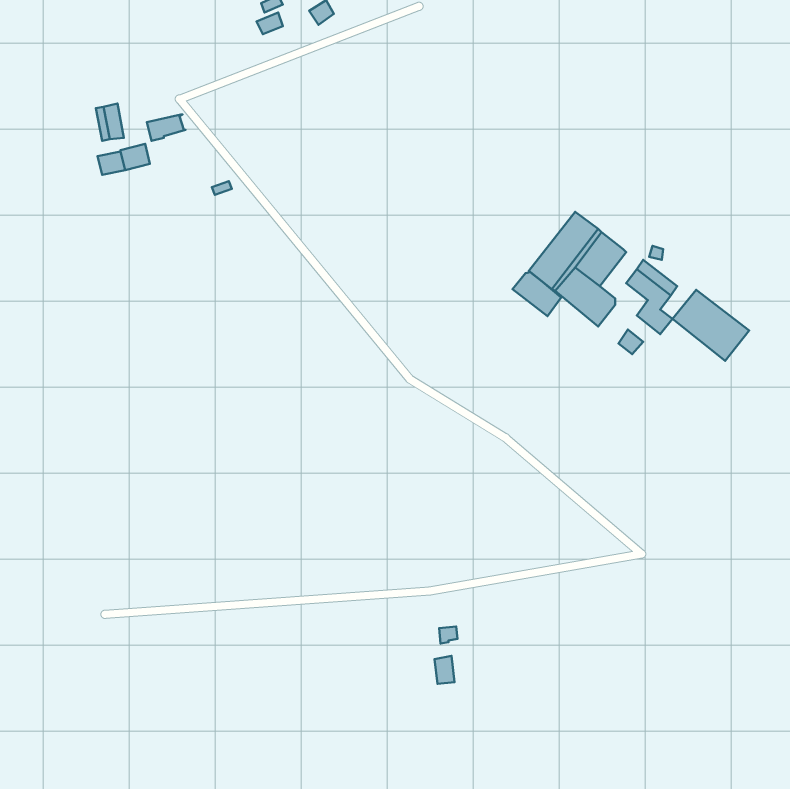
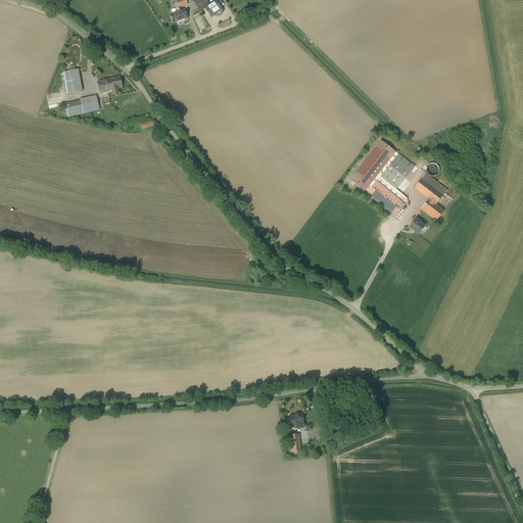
building: [513,272,561,316] -> none
building: [673,290,749,361] -> none

